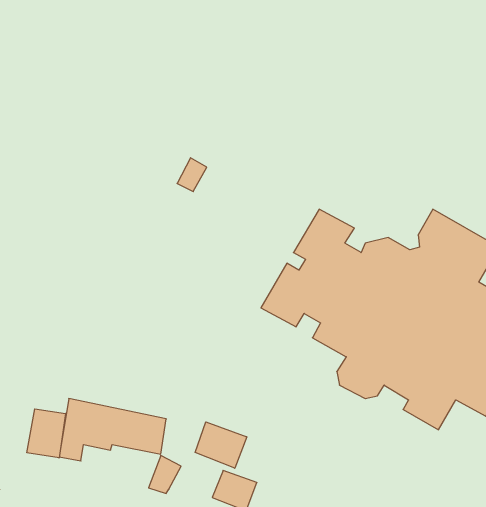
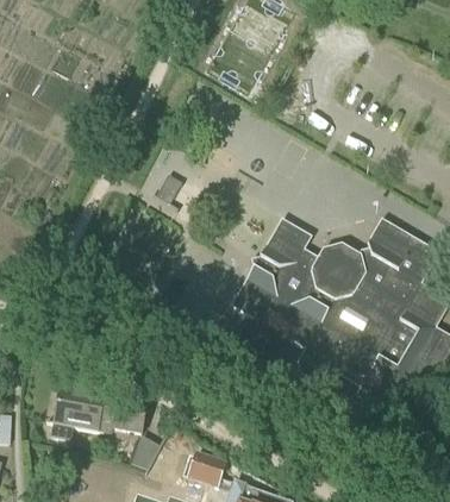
building: [27,409,66,458] -> none
building: [195,422,247,468] -> none

